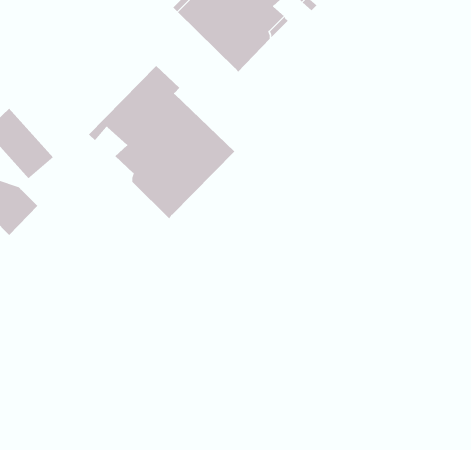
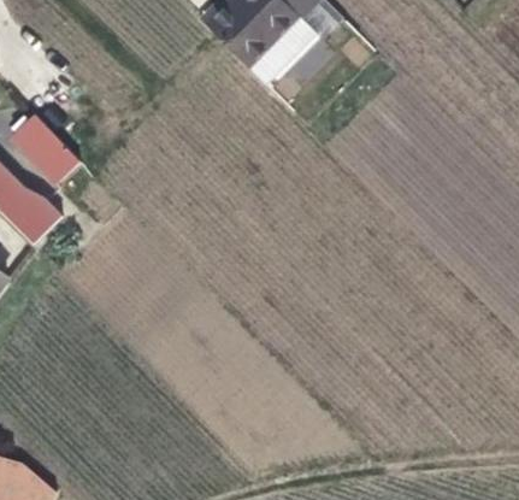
building: [88,65,235,219] -> none

